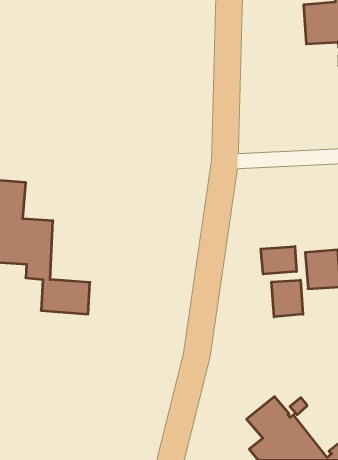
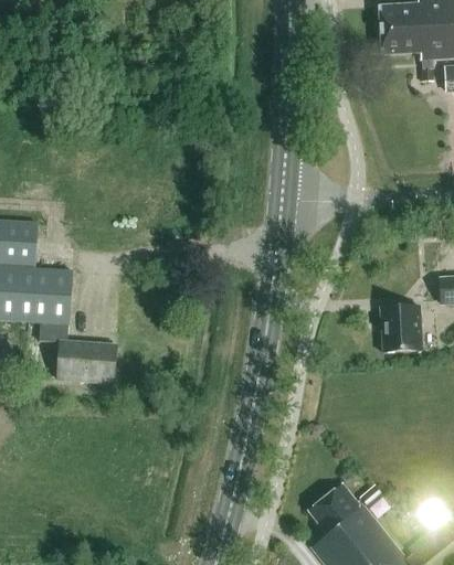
building: [261,246,296,274] -> none
building: [272,280,303,317] -> none

